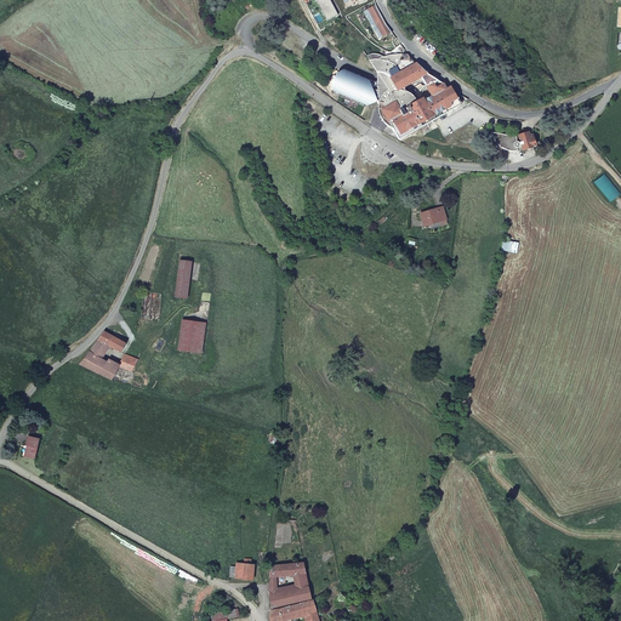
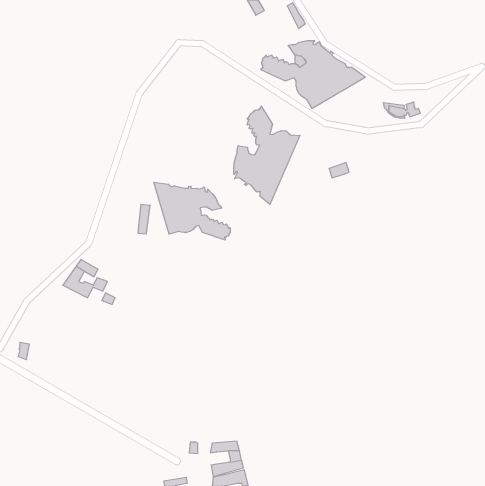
building: none -> [234,106,300,204]
building: none -> [154,182,230,240]
building: [178,320,206,353] -> none

